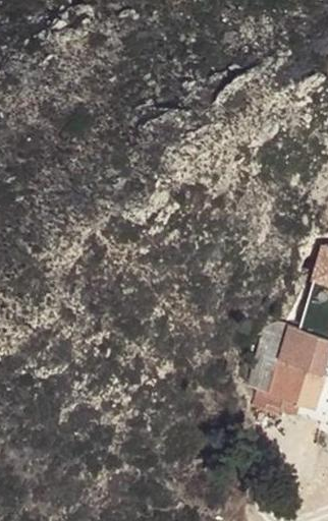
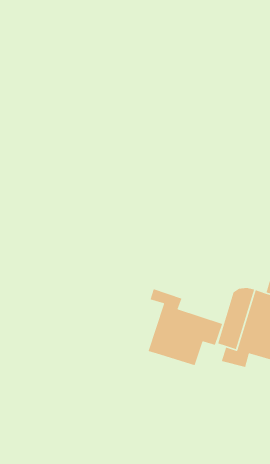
building: none -> [147,288,223,366]

